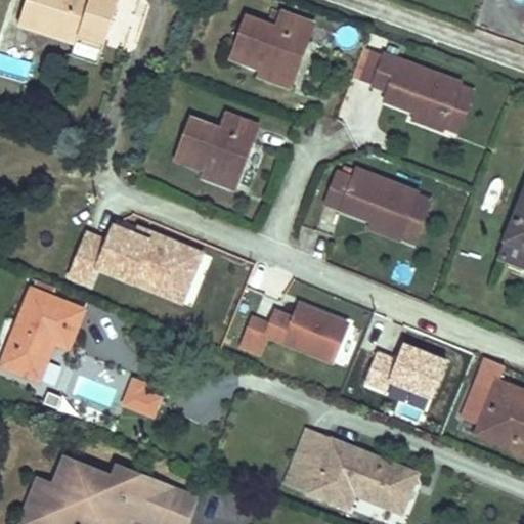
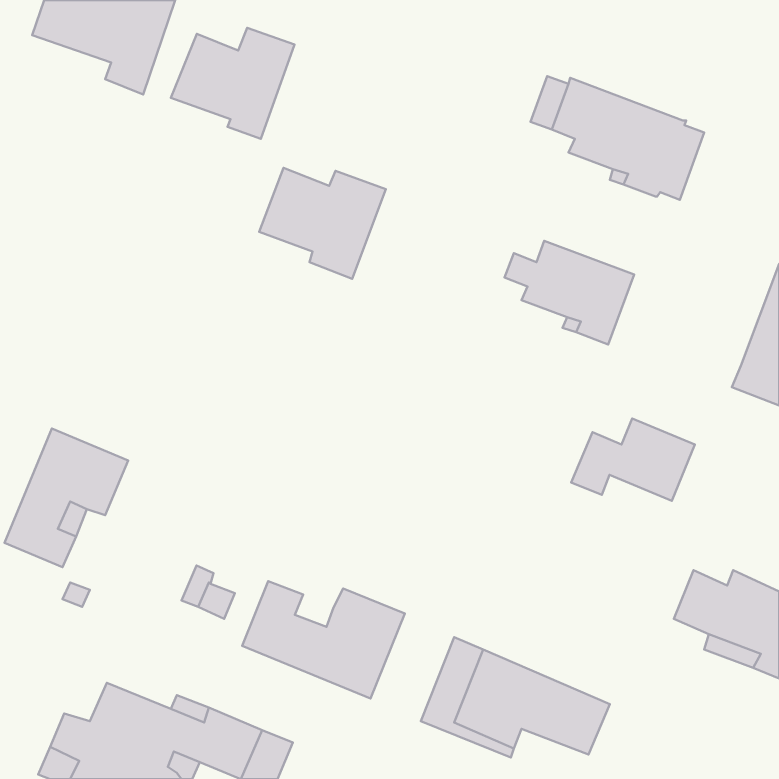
building: [230,12,313,87] -> [171,28,294,139]
building: [68,218,202,305] -> none
building: [241,302,346,363] -> none
building: [364,343,447,398] -> [571,419,695,501]
building: none -> [242,581,405,699]

